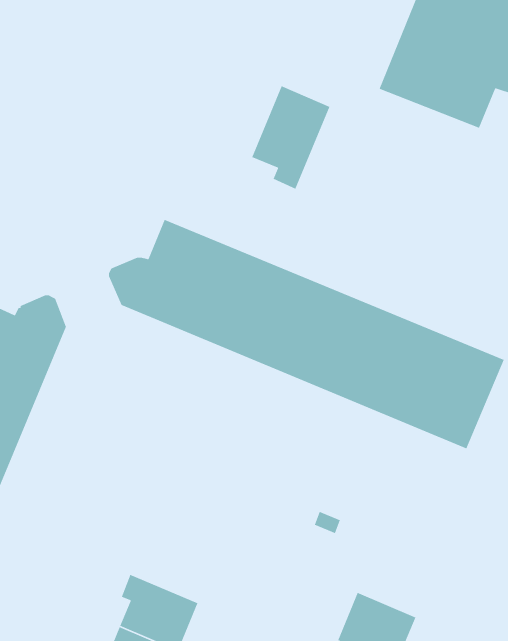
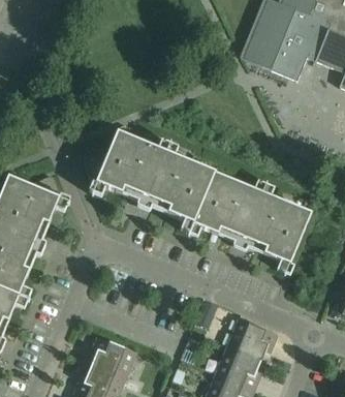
building: [251,85,331,190] -> none
building: none -> [227,317,277,360]

